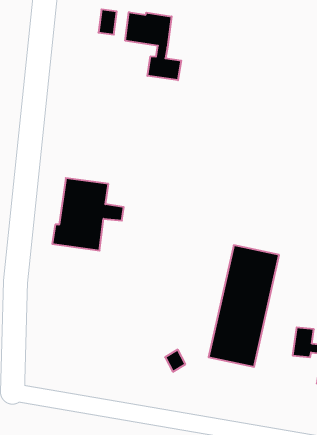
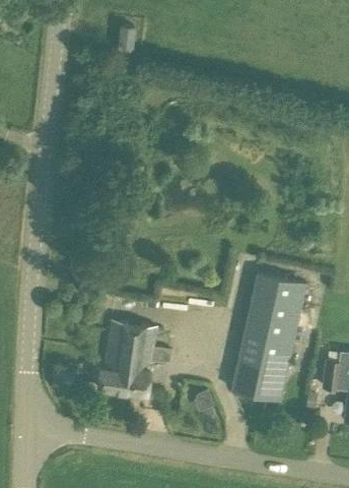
building: [125,12,181,80] -> none
building: [52,178,124,251] -> [97,319,172,395]

